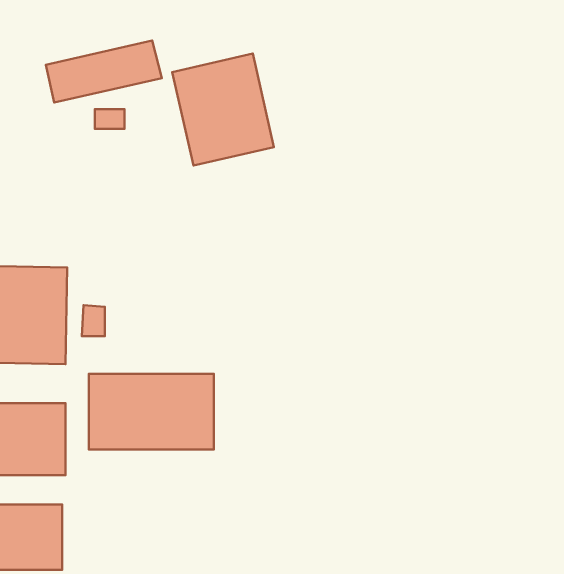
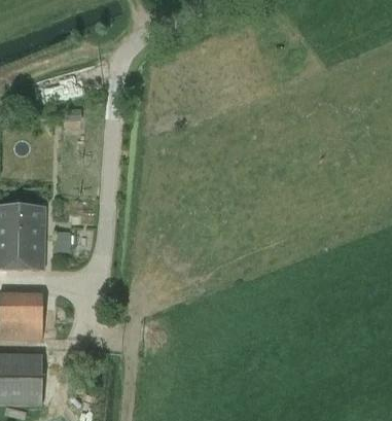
building: [172,54,274,166] -> none
building: [89,374,214,449] -> none

